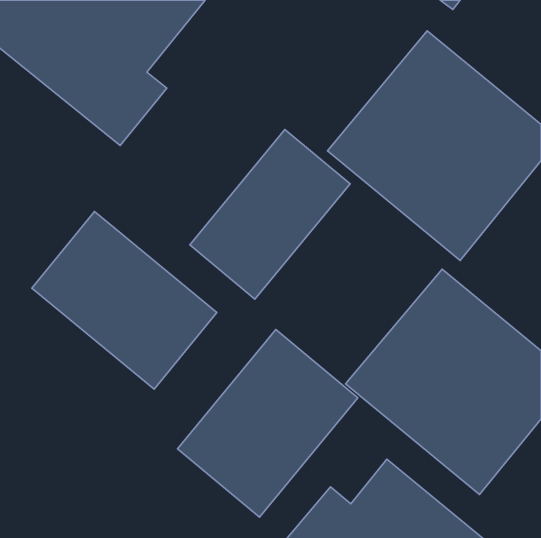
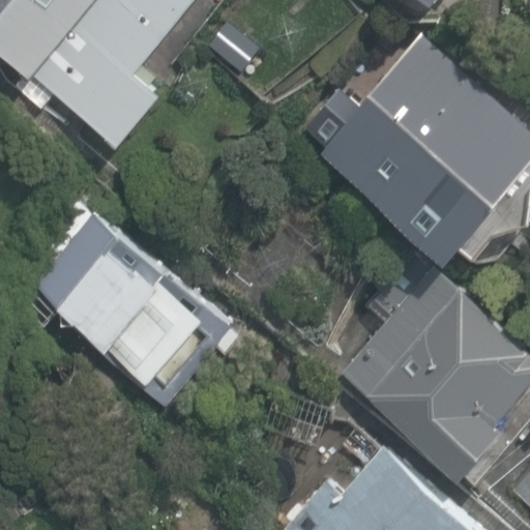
building: [190,129,350,299] -> none
building: [177,330,358,517] -> none

